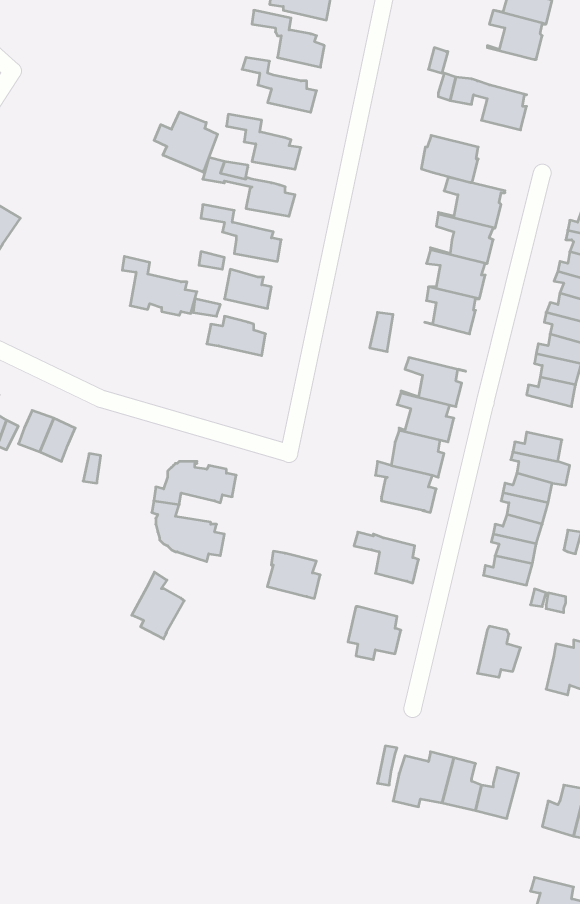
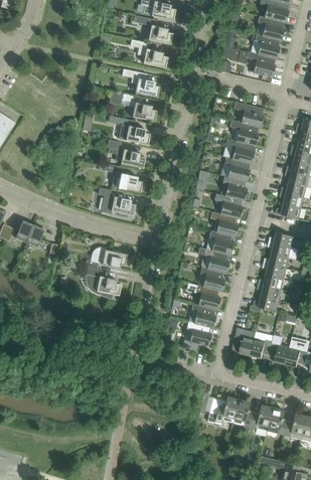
building: [154,112,218,172] -> none
building: [421,135,478,182] -> [251,35,280,59]
building: [122,256,197,315] -> [98,187,136,217]
building: none -> [215,176,248,201]
building: none -> [200,268,225,292]
building: [267,551,320,598] -> [189,304,216,328]
building: [132,572,184,639] -> none
building: none -> [232,328,256,356]
building: none -> [269,335,290,364]
building: none -> [266,408,287,435]

